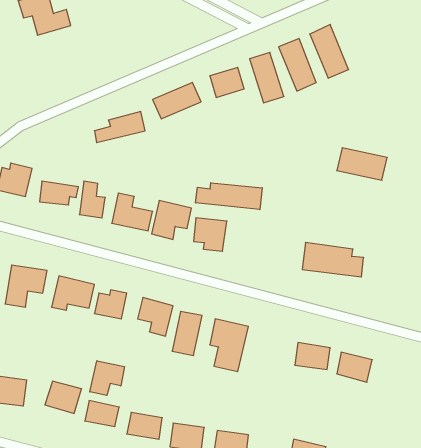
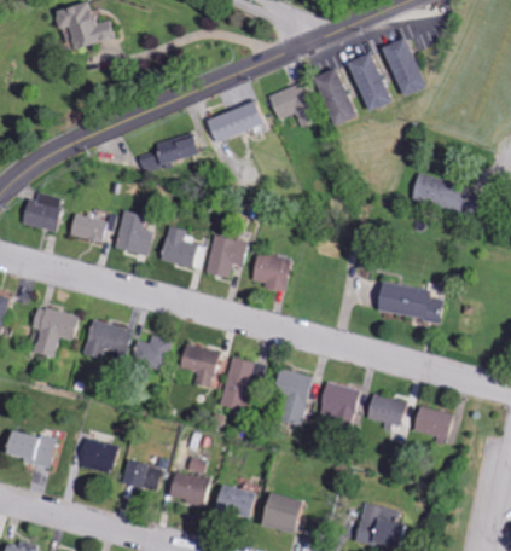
building: [196,183,262,210] -> none
building: none -> [315,381,358,428]
building: [90,361,124,395] -> none

